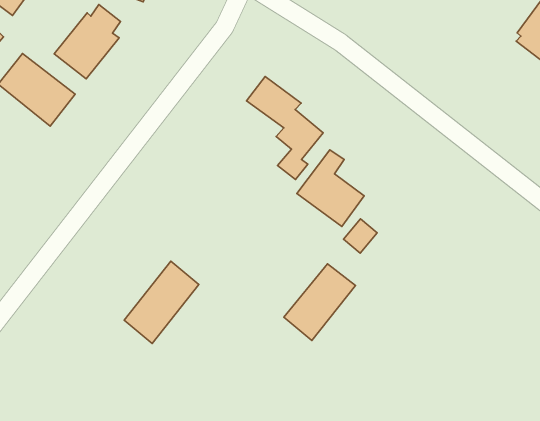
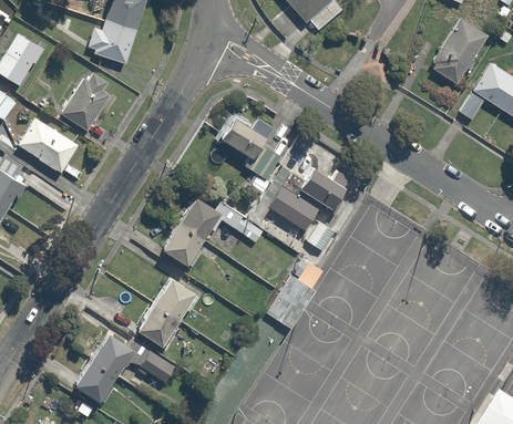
building: none -> [295,164,341,208]
building: none -> [161,194,264,261]
building: none -> [75,325,176,399]

